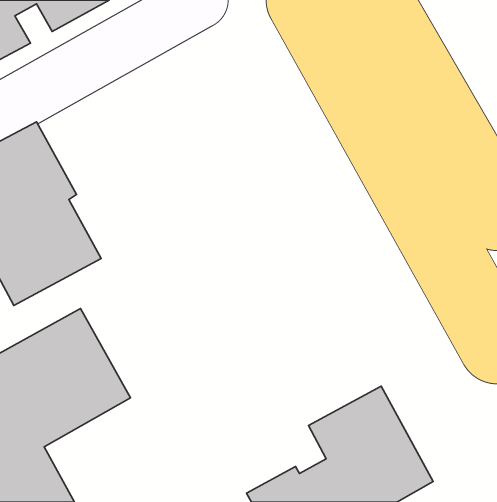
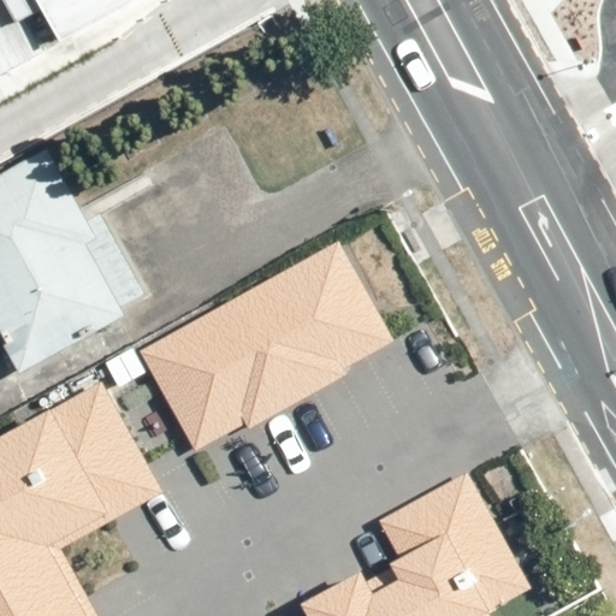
building: none -> [137,241,395,452]

